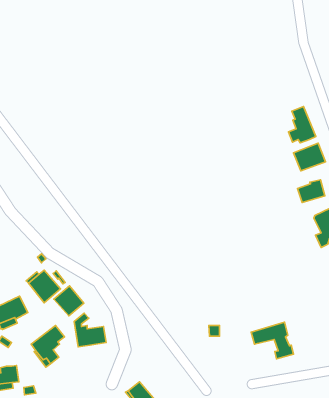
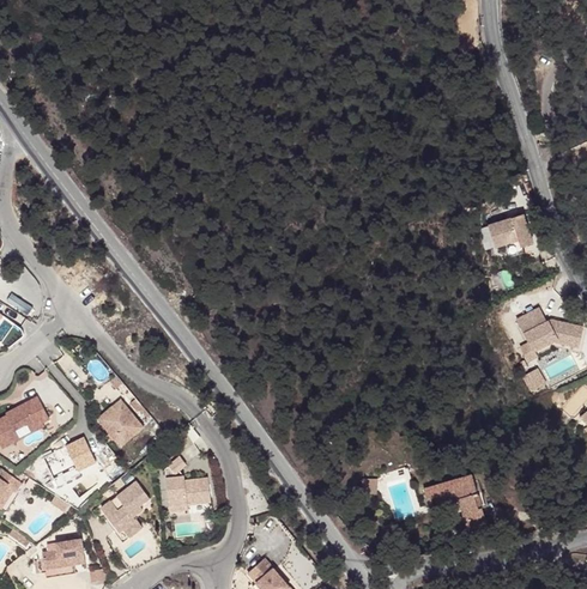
building: [289,106,316,143] -> none
building: [298,180,325,203] -> none
building: [54,286,84,316] -> none

